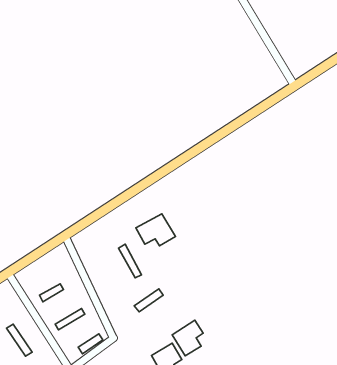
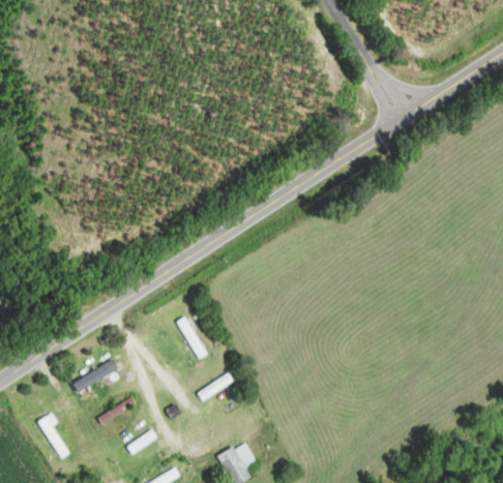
building: [136,214,175,246] -> none
building: [172,320,203,356] -> none

